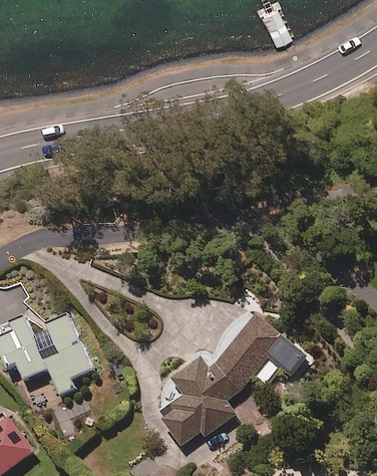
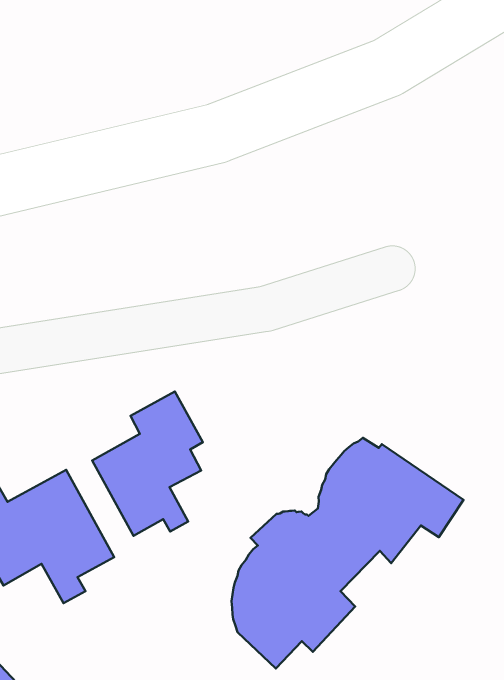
building: none -> [92,392,203,536]

